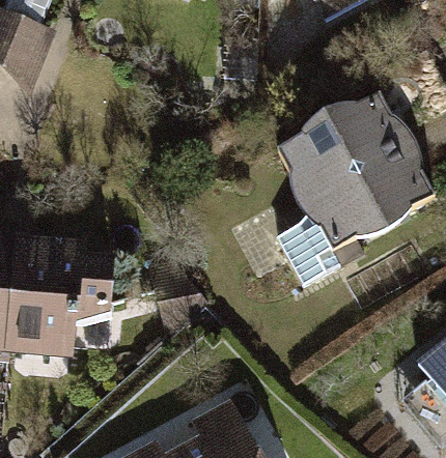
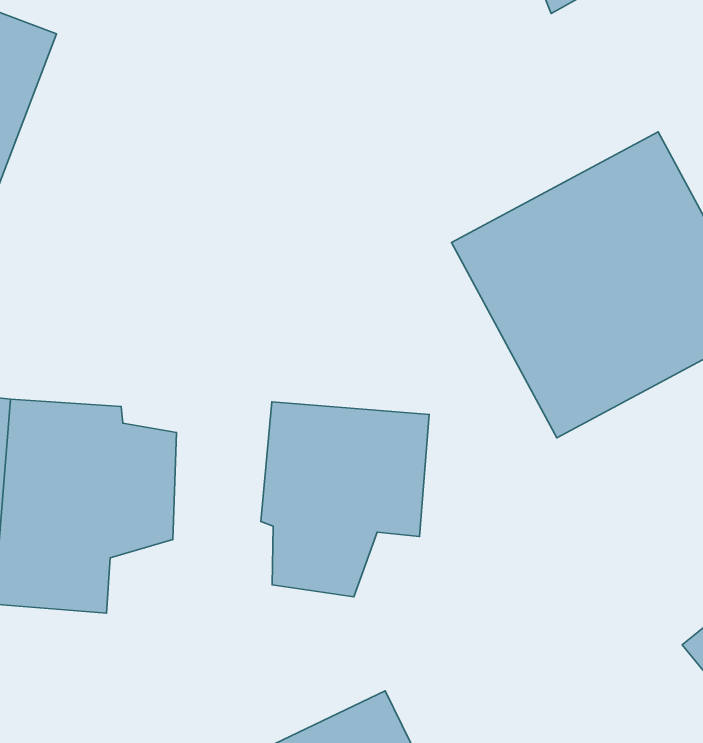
building: none -> [261,402,429,597]

